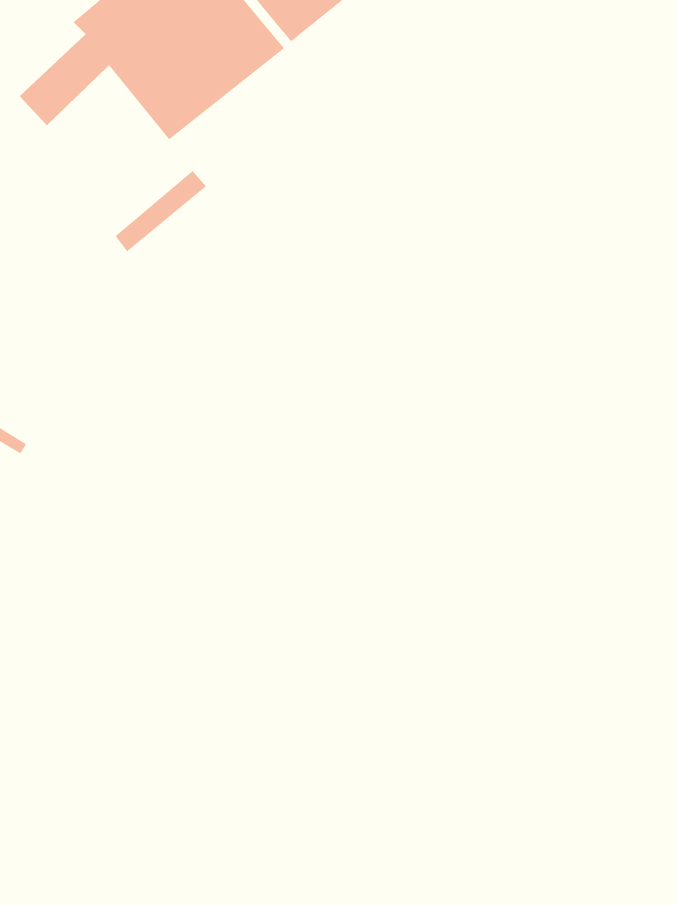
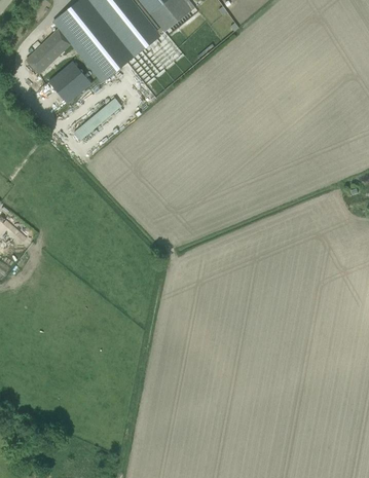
building: none -> [47,61,90,104]

